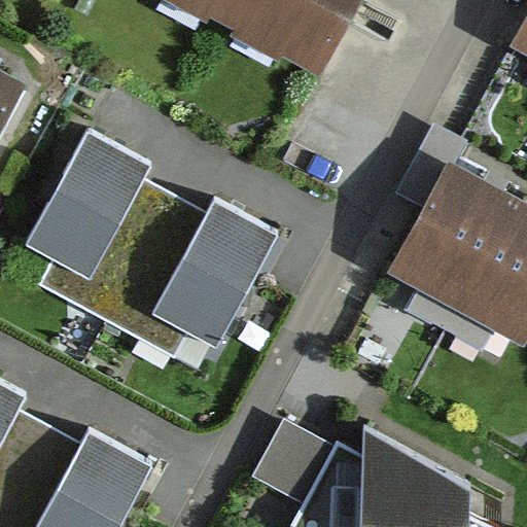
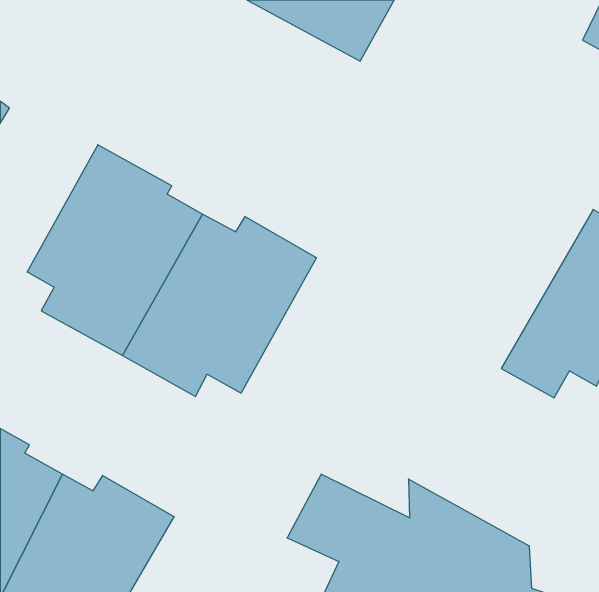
building: [386,122,521,330] -> none

